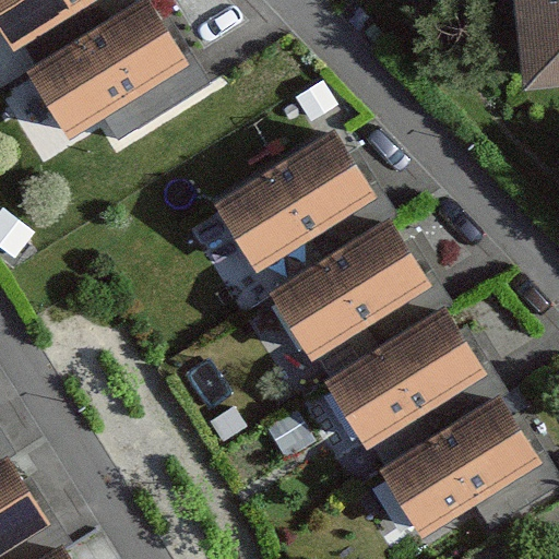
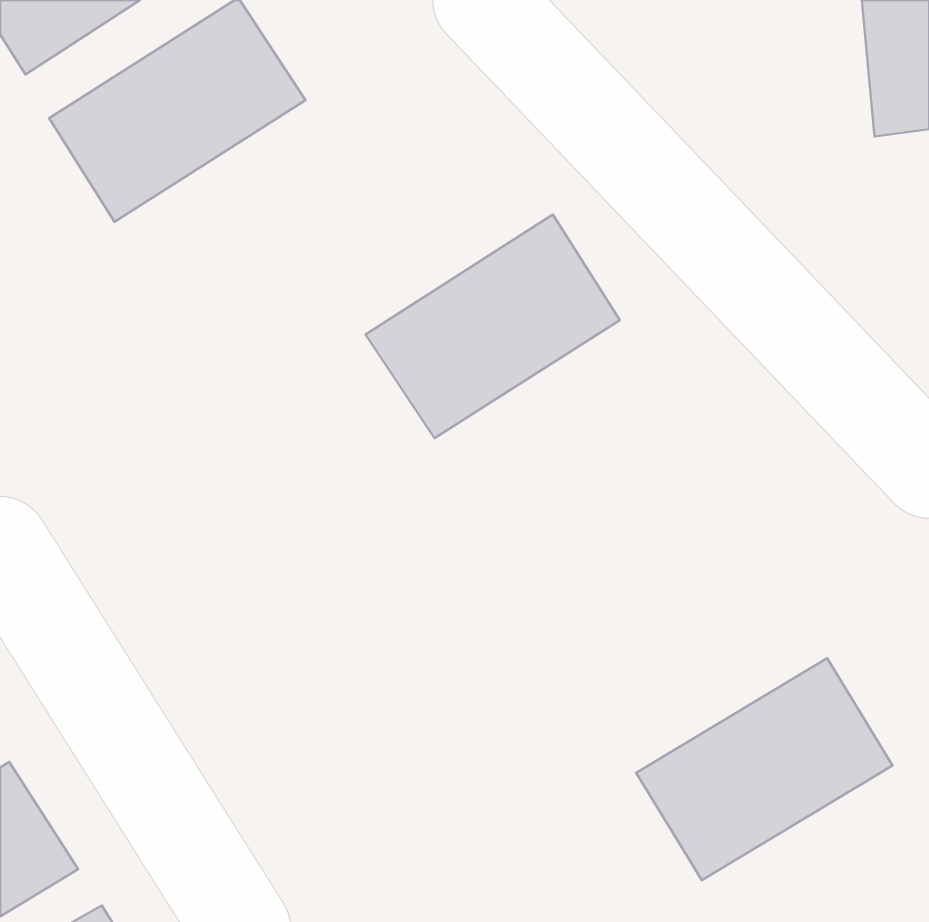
building: [275,224,427,357] -> none
building: [330,312,483,445] -> none

